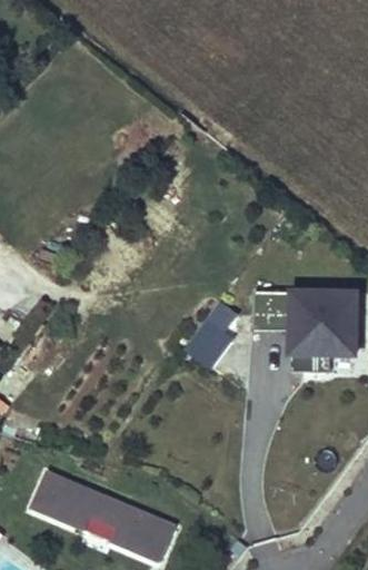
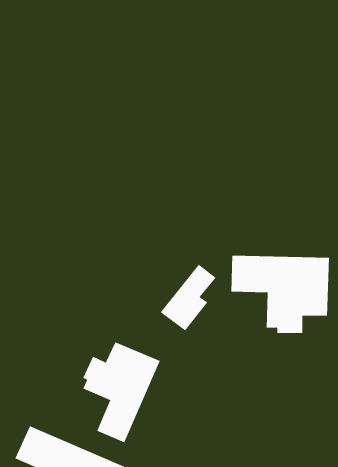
building: none -> [82,341,161,443]

